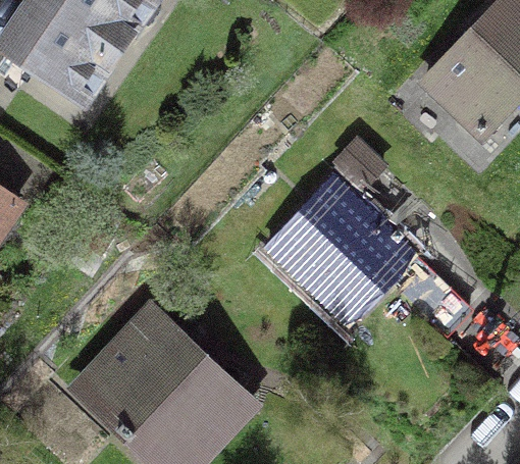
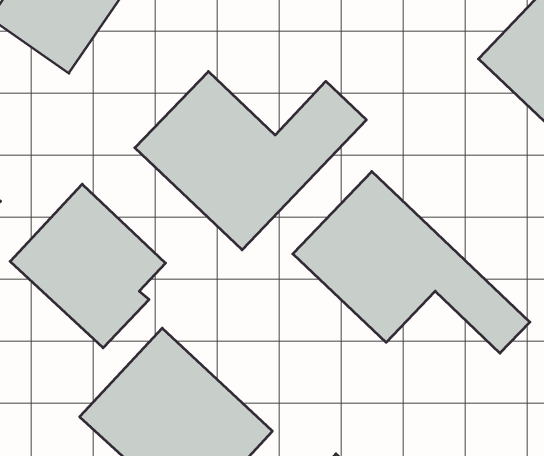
building: none -> [135,71,366,250]
building: none -> [10,184,166,348]

